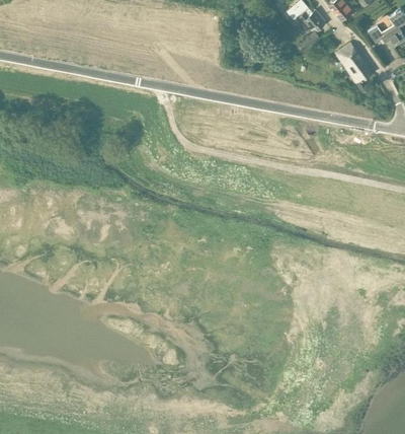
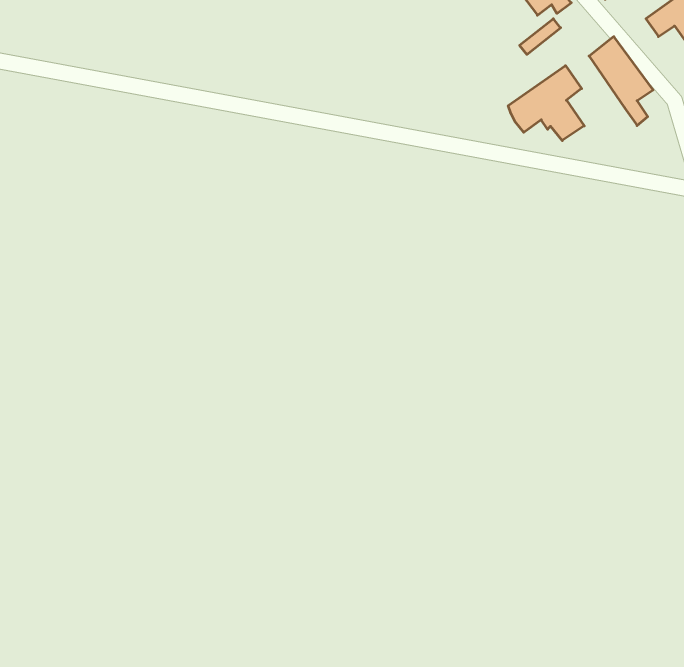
building: none -> [508,66,584,141]

